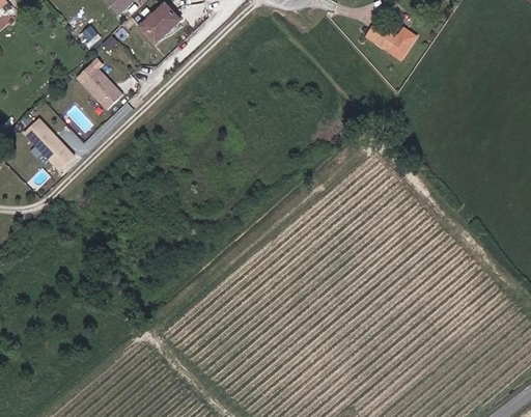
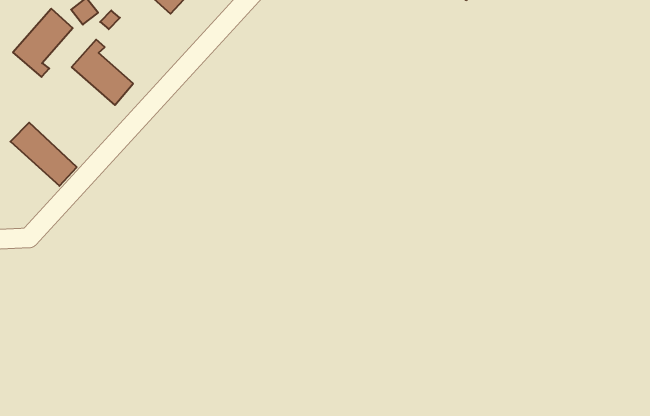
building: none -> [13,9,73,77]

